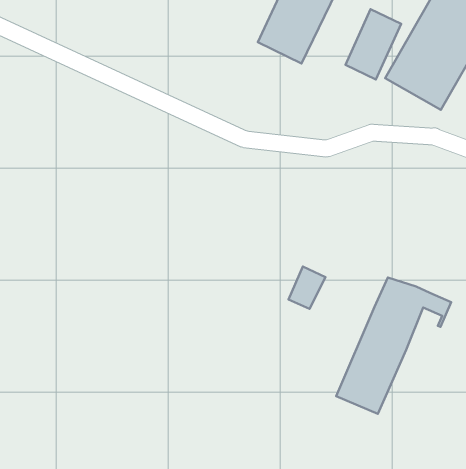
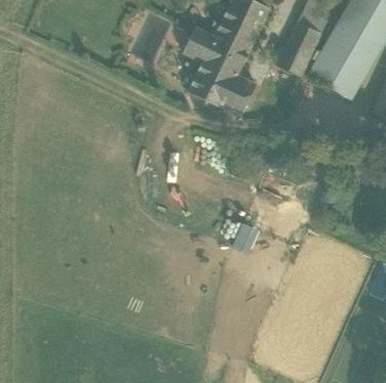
building: none -> [183,26,256,116]
building: [336,278,451,414] -> none

